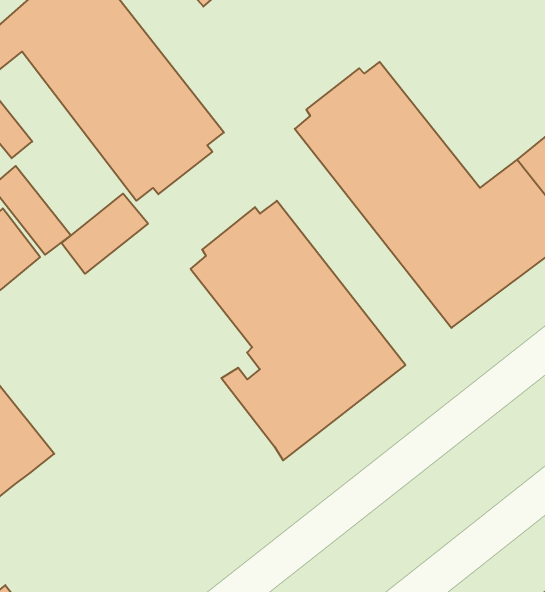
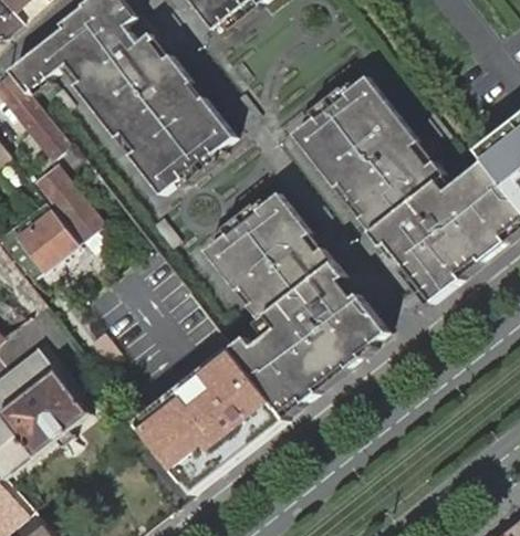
building: [61,194,148,274] -> none
building: none -> [137,346,284,488]

